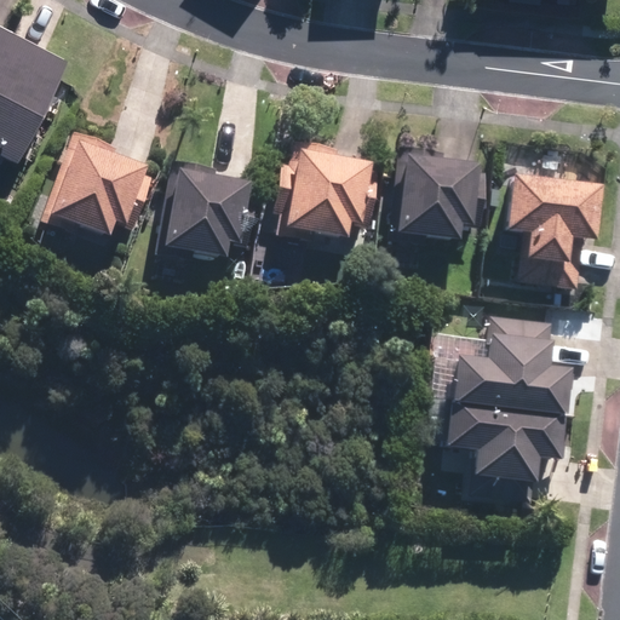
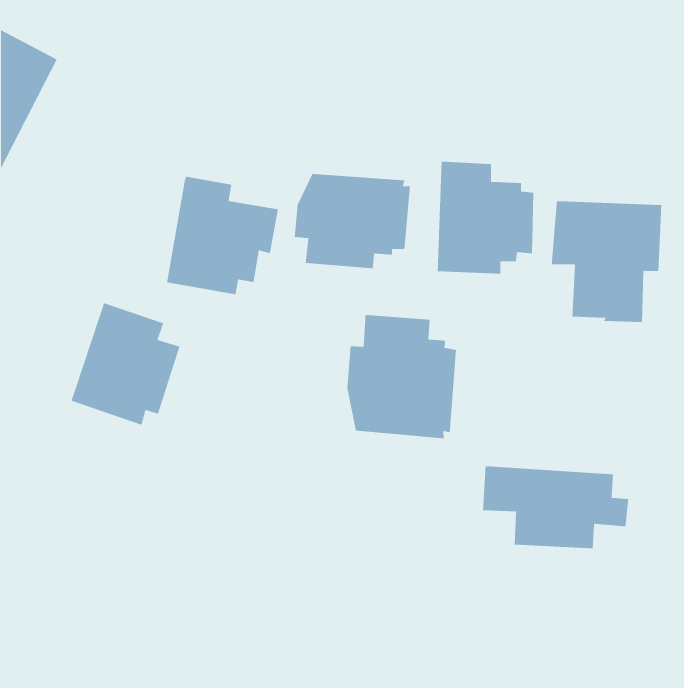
building: [44,131,140,240] -> [71,302,180,426]
building: none -> [346,314,457,439]
building: [444,314,568,414] -> none

